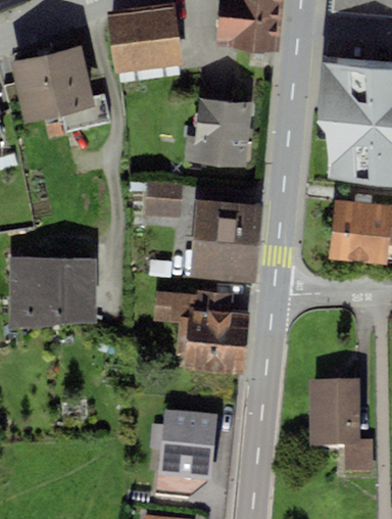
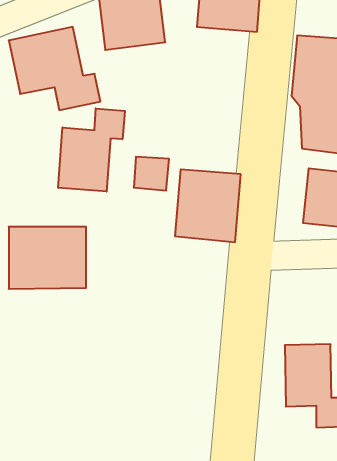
building: [183,96,252,166] -> none
building: none -> [58,108,125,192]
building: [155,293,246,371] -> none
building: [154,414,218,500] -> none

